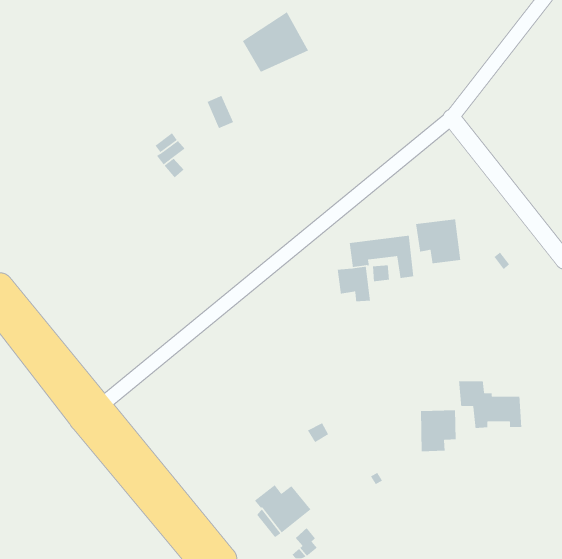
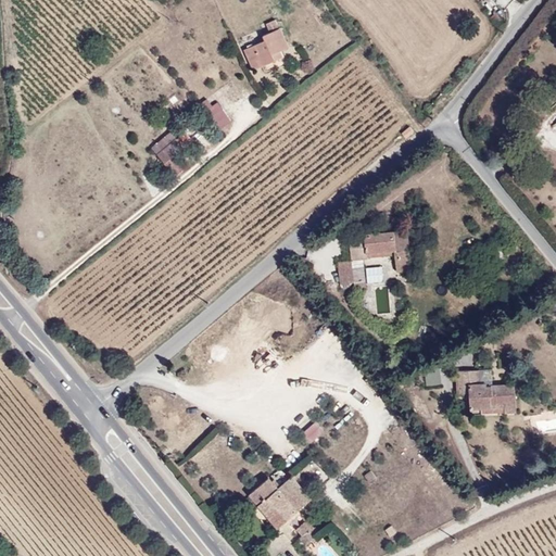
building: [415,219,461,264] -> none
building: [420,409,456,452] -> none

